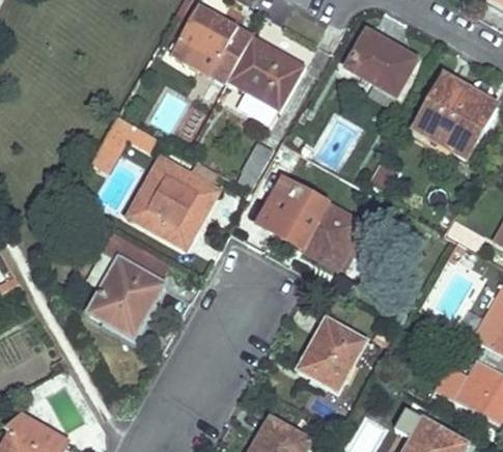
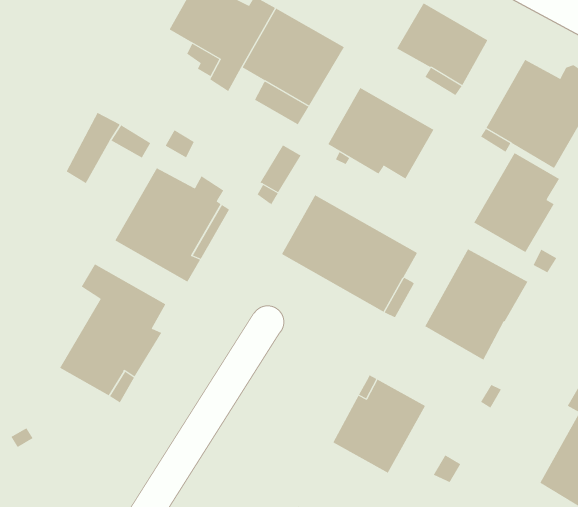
building: none -> [328,87,434,179]
building: none -> [474,152,560,253]
building: none -> [425,248,528,360]

